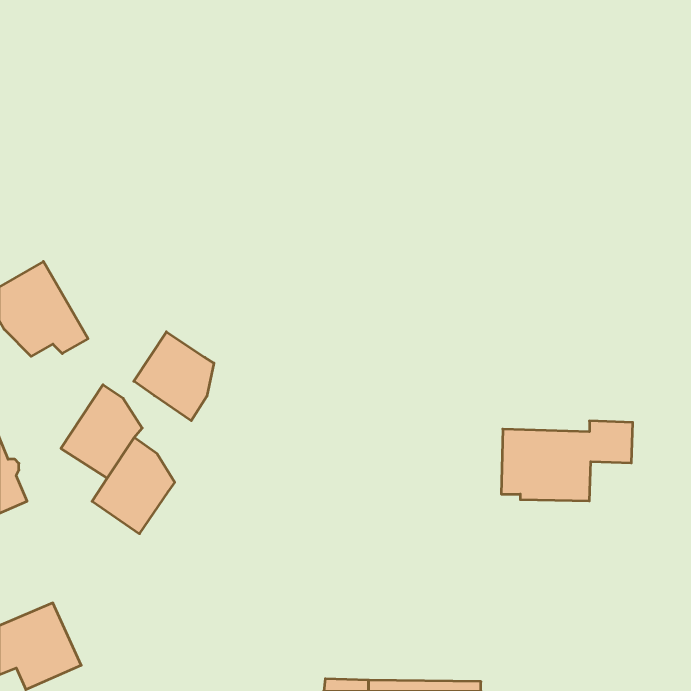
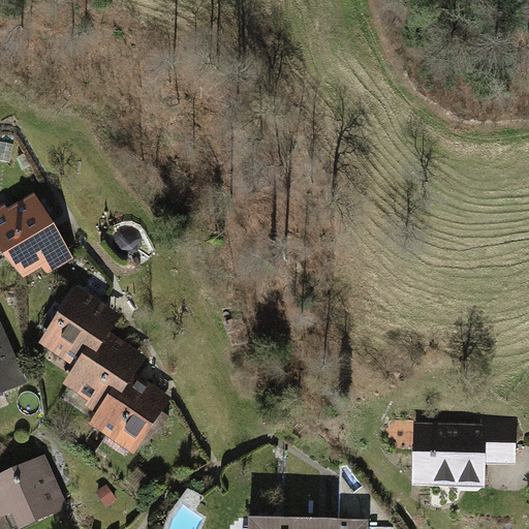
building: [134,332,214,421] -> none
building: [501,421,633,501] -> [414,421,515,481]
building: none -> [95,375,157,446]

